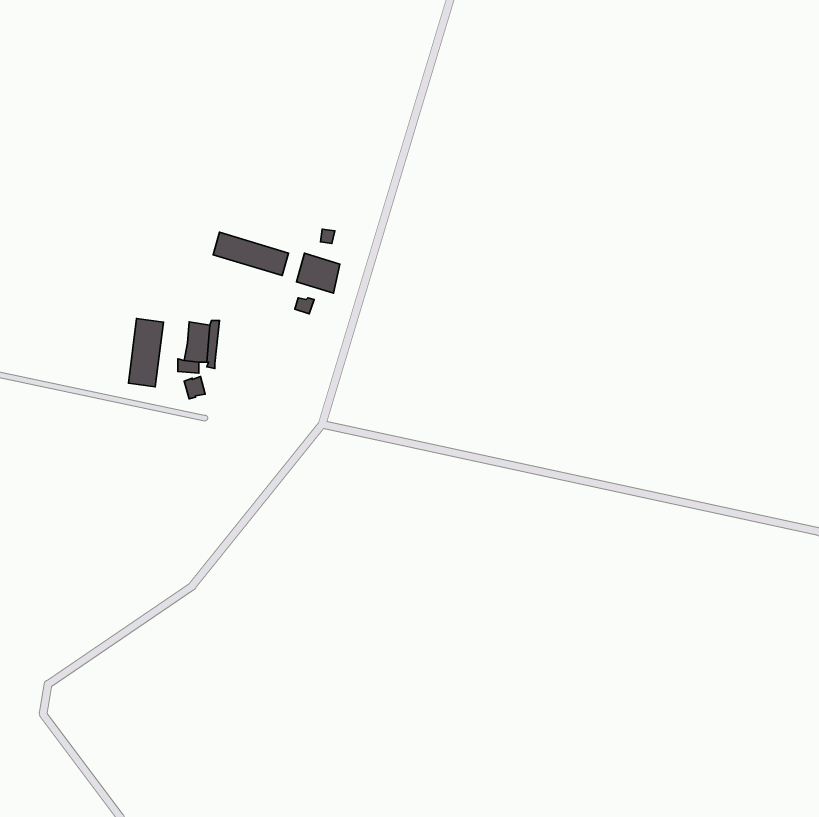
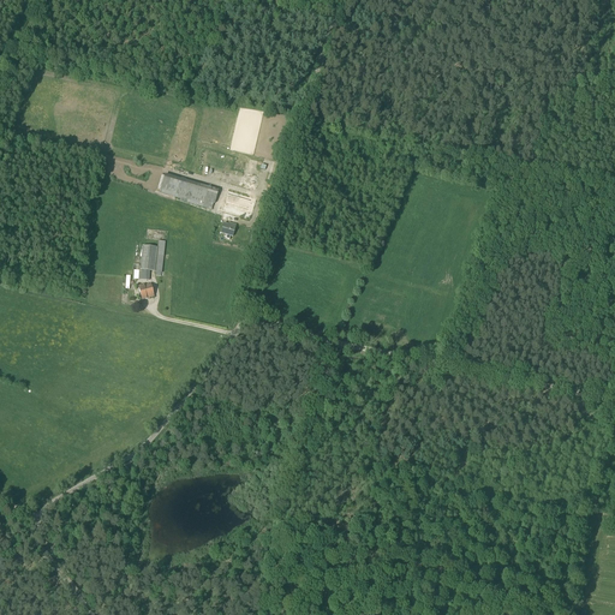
building: [128,319,163,387] -> none

